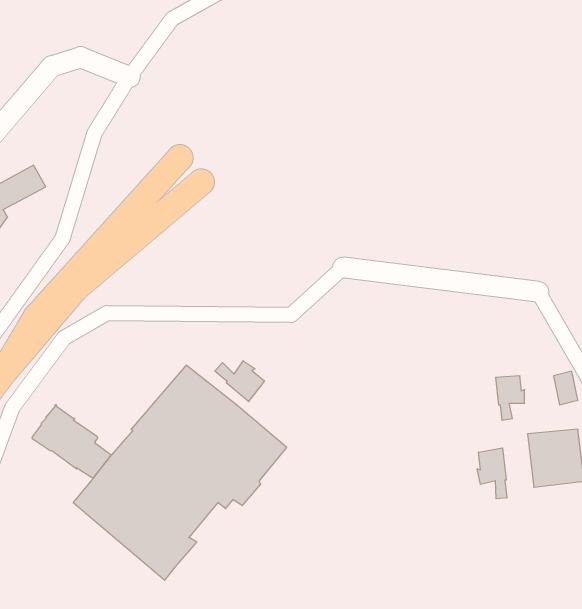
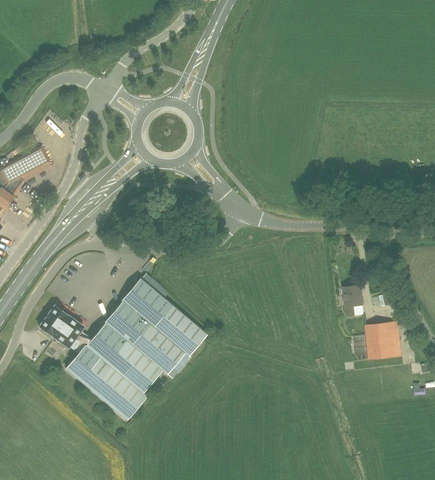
building: [215,361,264,402] -> none
building: [477,448,507,499] -> none

